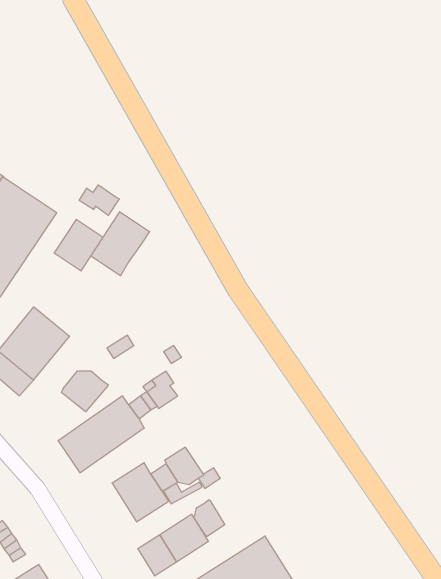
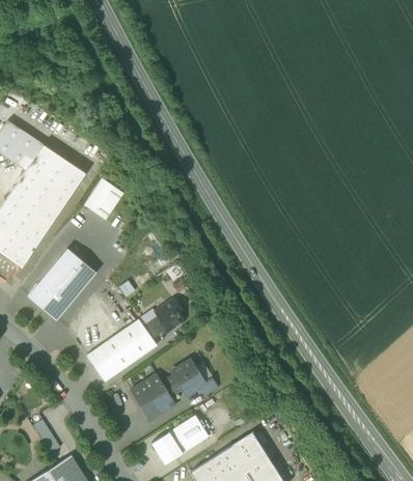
building: [79,185,119,215] -> none
building: [91,212,149,276] -> none
building: [61,371,108,412] -> none
building: [194,500,225,536] -> none

